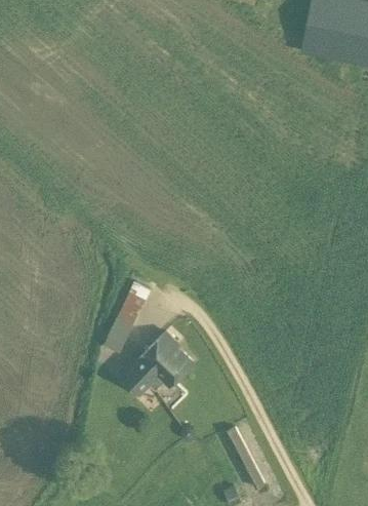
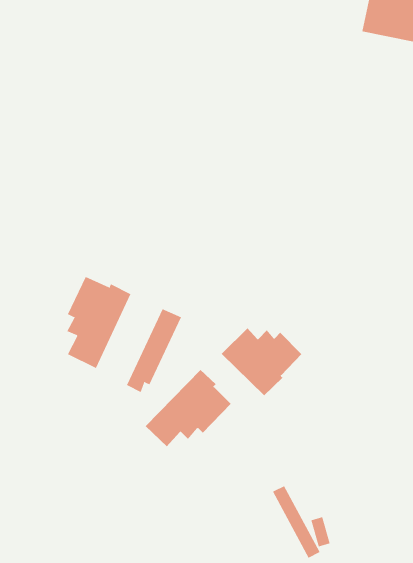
building: none -> [67,276,131,369]
building: none -> [221,327,302,396]

